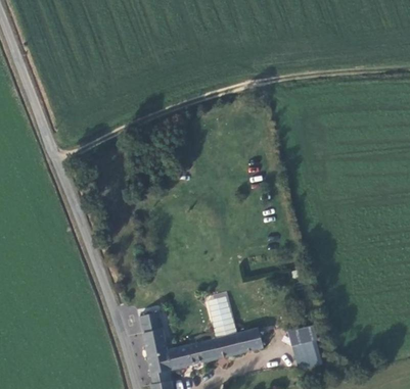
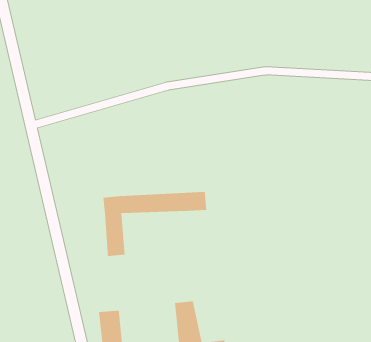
building: none -> [103,191,207,257]

